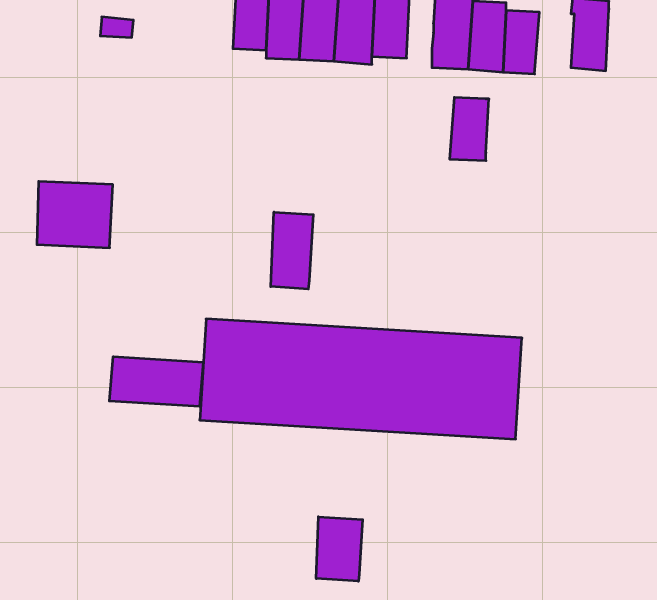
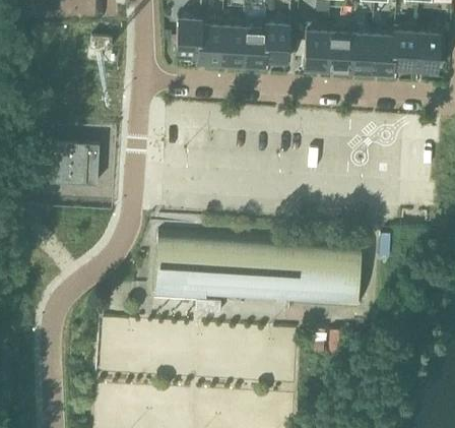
building: none -> [415,33,440,73]
building: [450,97,489,161] -> [370,35,395,75]
building: [271,212,313,289] -> none
building: [109,357,203,406] -> none
building: [316,517,363,581] -> none

